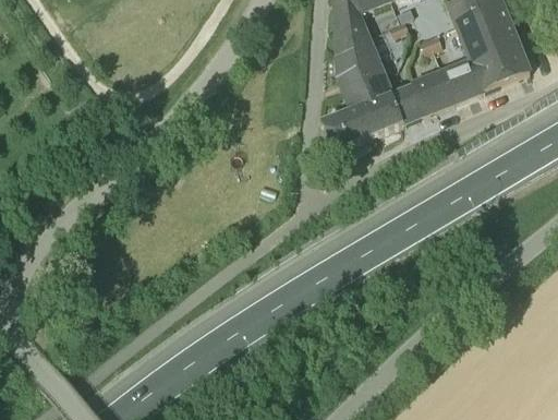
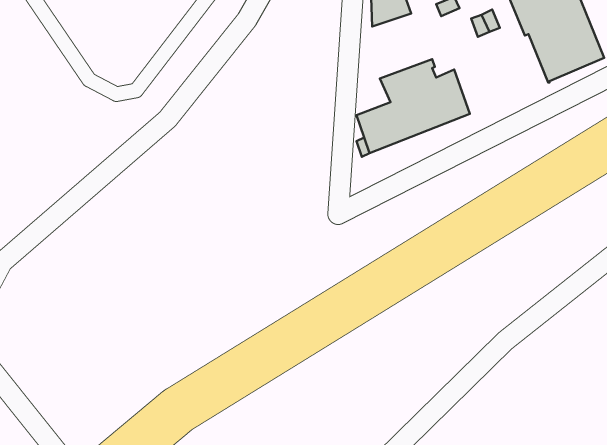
building: [336,33,386,87] -> none
building: [404,50,483,117] -> none

